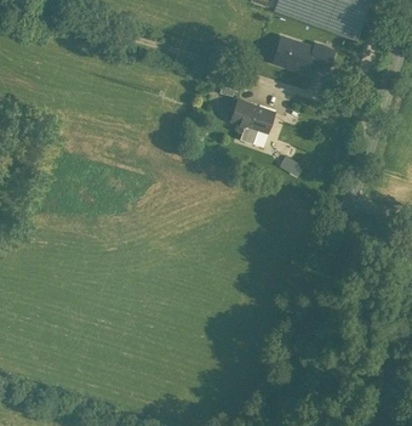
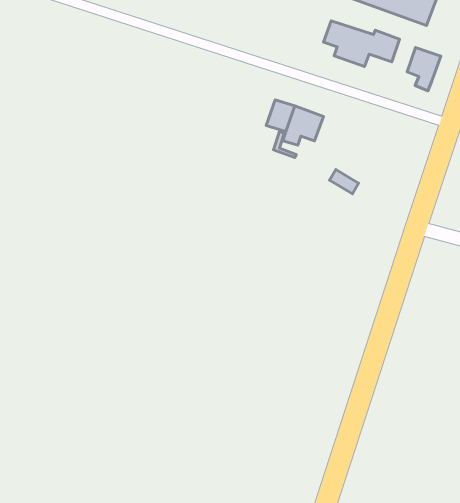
building: none -> [407,47,441,91]

